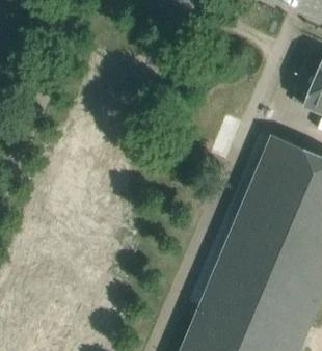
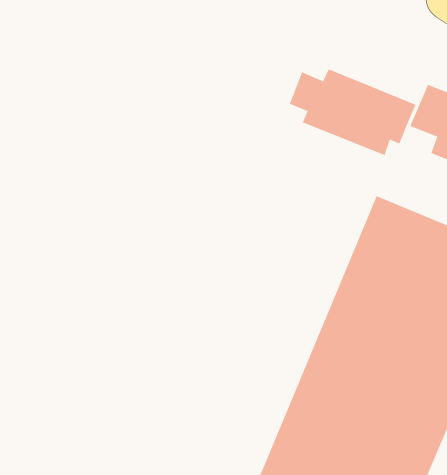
building: none -> [289,68,416,156]

